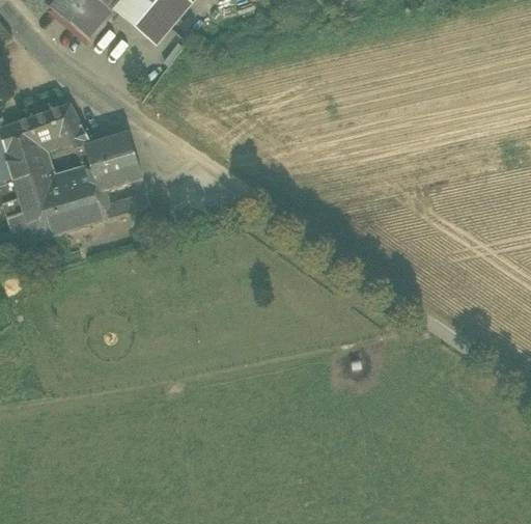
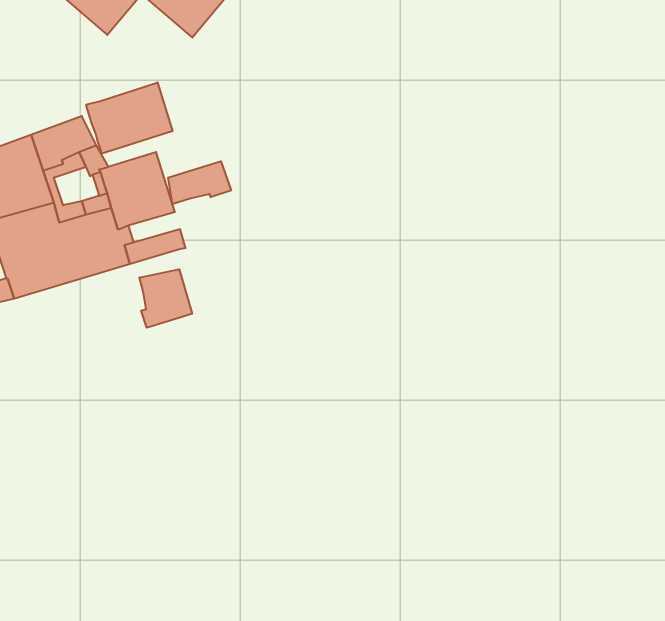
building: none -> [86,82,172,154]
building: none -> [168,161,231,204]
building: none -> [139,269,192,328]

